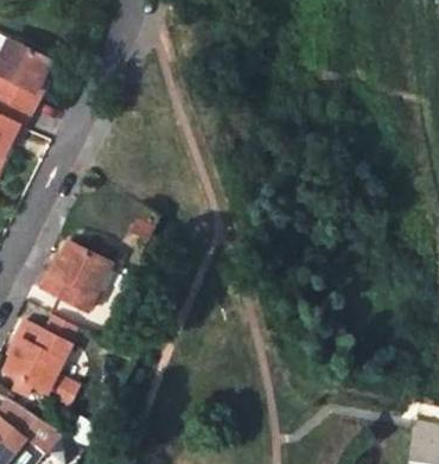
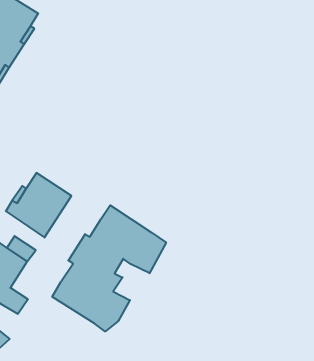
building: none -> [52,205,166,331]

